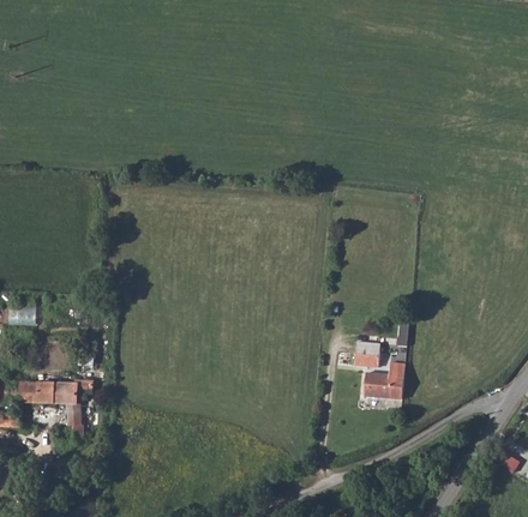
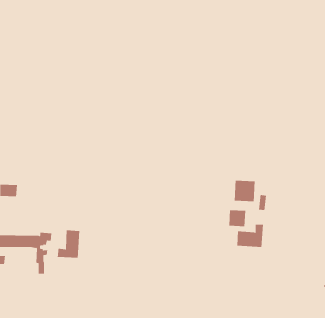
building: none -> [234,180,255,202]
building: none -> [57,230,80,259]

